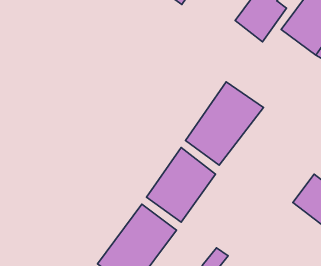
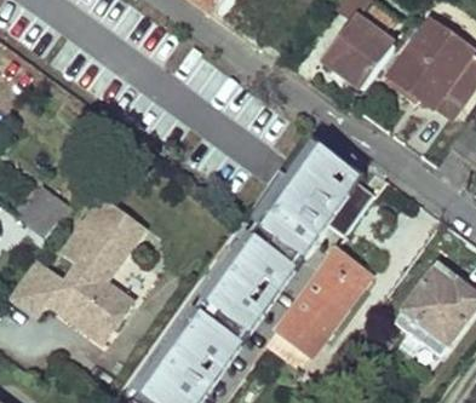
building: none -> [17,183,71,240]
building: none -> [8,200,143,344]
building: none -> [275,249,368,355]

